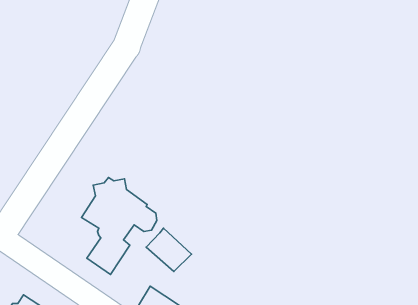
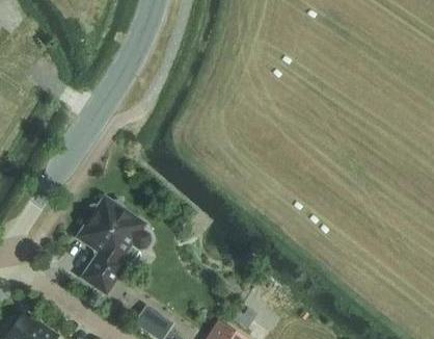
building: [146,228,191,272] -> none

